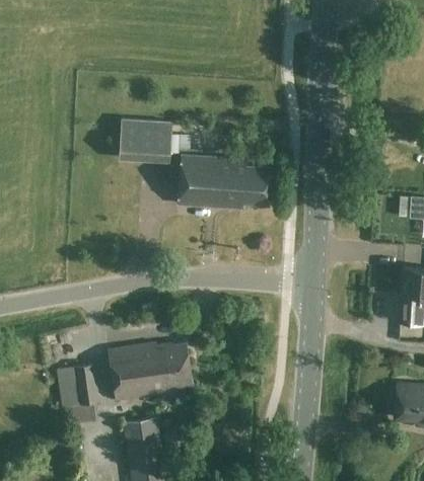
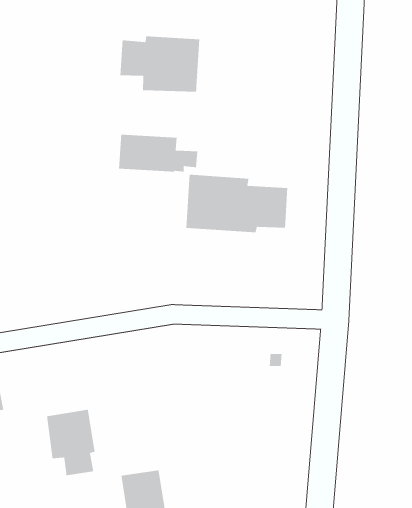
building: none -> [119,36,200,93]
building: [110,342,192,398] -> none

